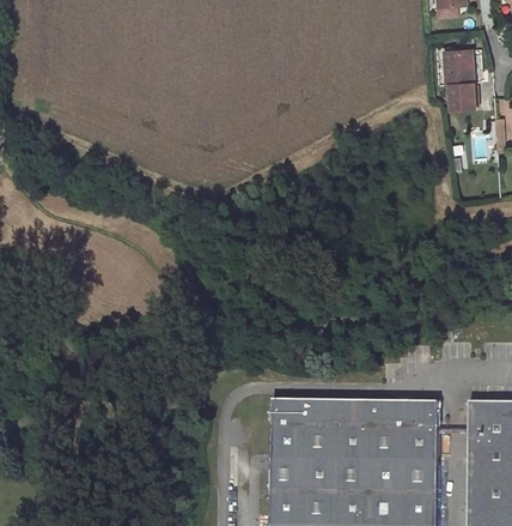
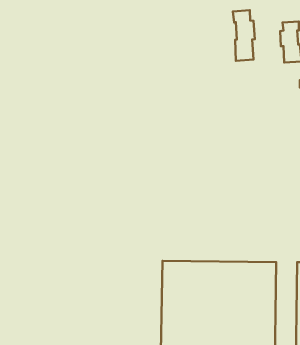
building: none -> [233,10,255,61]

